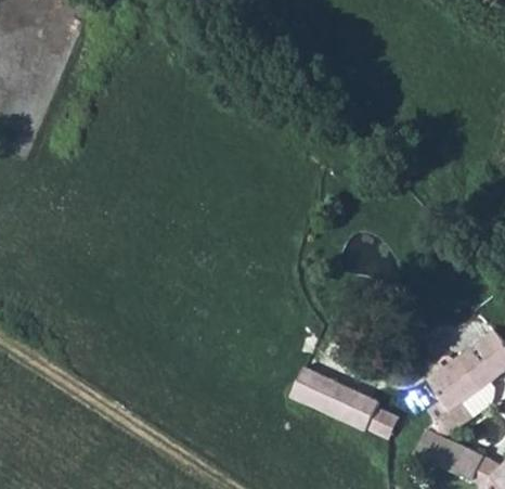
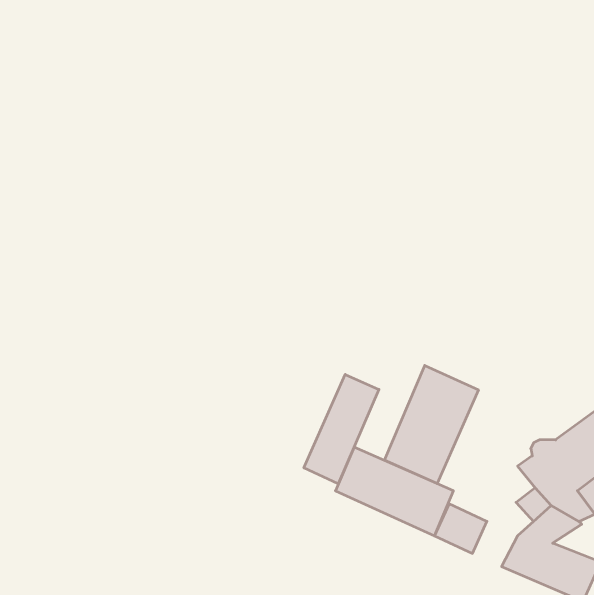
building: none -> [385,365,478,484]
building: none -> [304,374,379,484]

